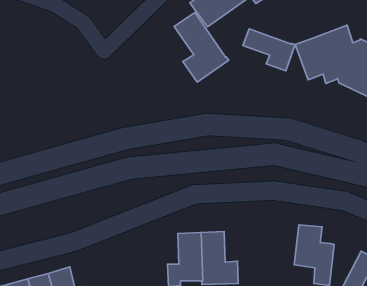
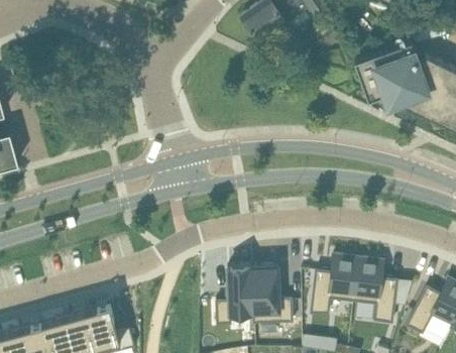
building: [174,13,229,82] -> none
building: [243,29,295,71] -> none
building: none -> [310,254,358,315]

